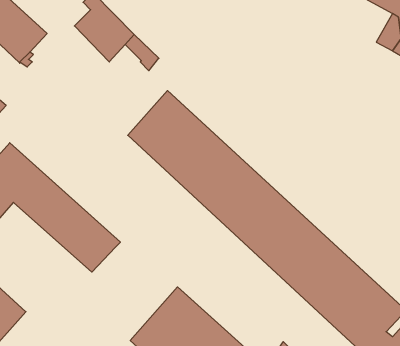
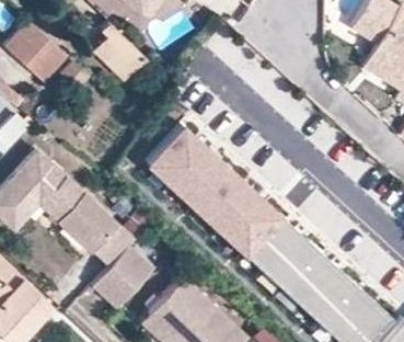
building: none -> [91,248,154,311]

